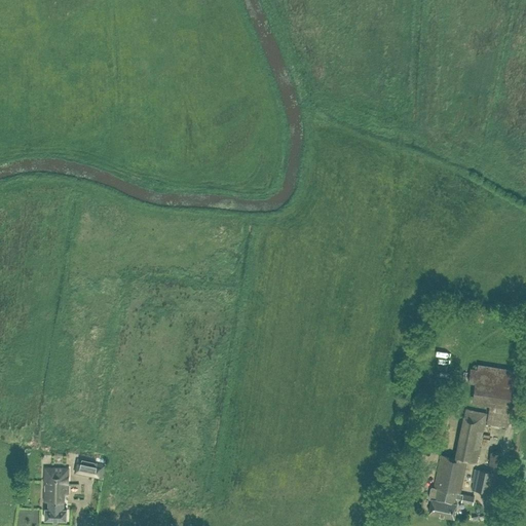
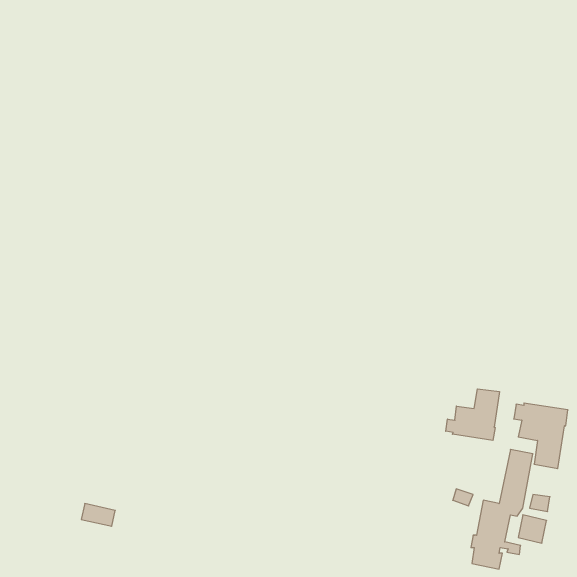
building: none -> [446,389,499,440]
building: [44,467,68,520] -> none

